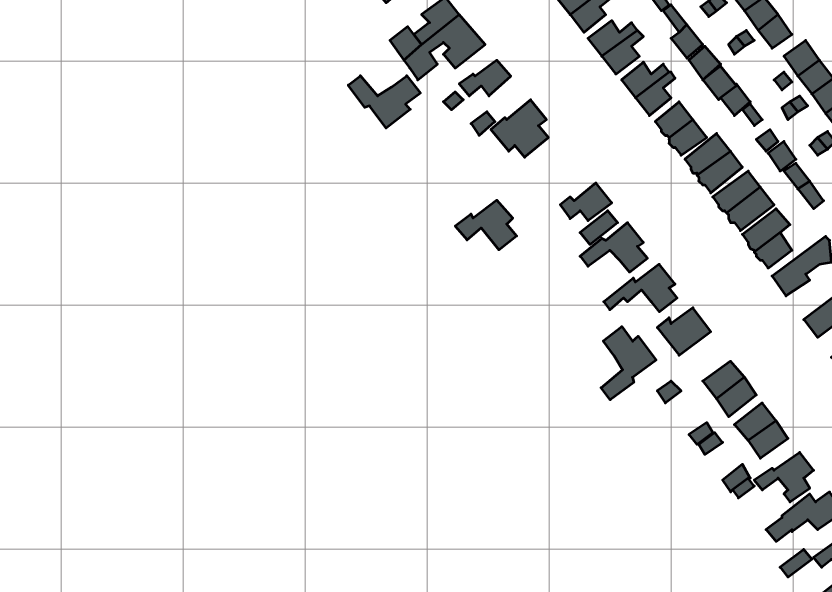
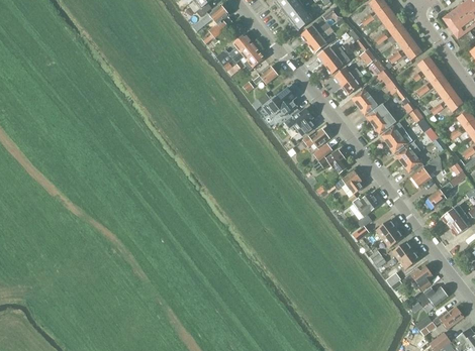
building: [348,76,420,128] -> none
building: [455,200,517,250] -> [284,108,315,133]
building: [601,327,656,400] -> none

